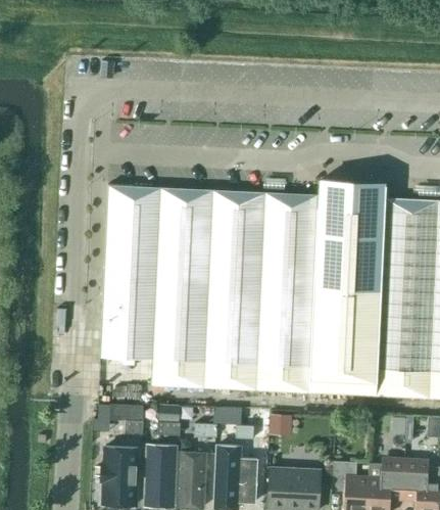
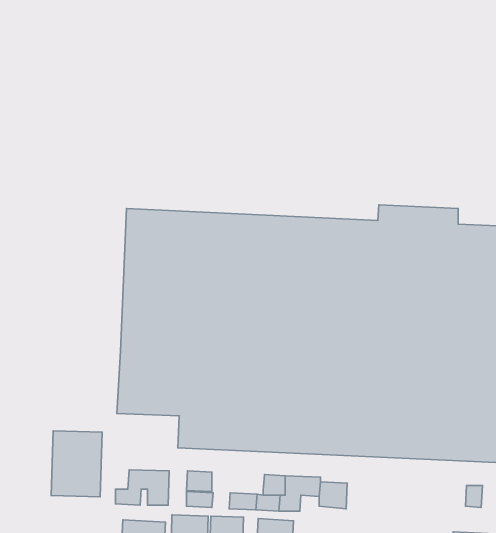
building: none -> [51,431,102,497]

